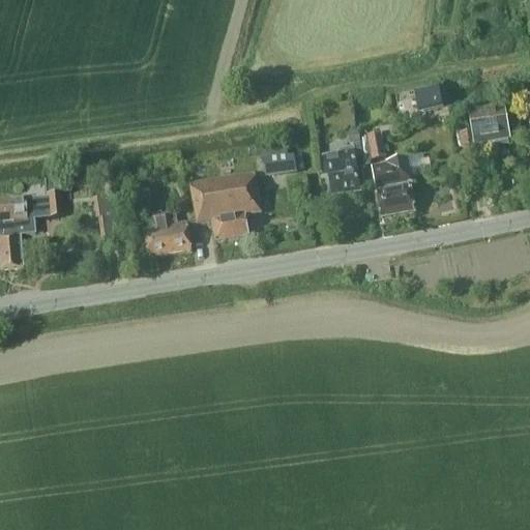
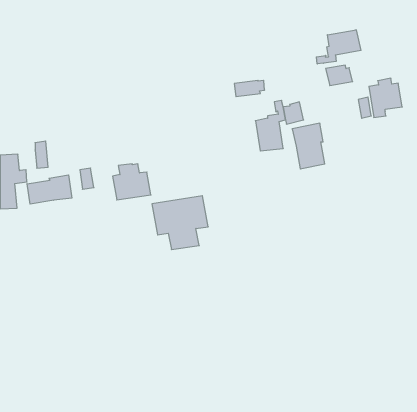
building: none -> [316,30,361,64]
building: [263,152,301,173] -> [234,80,265,97]
building: [189,170,261,238] -> [152,196,208,250]
building: none -> [27,175,72,204]

